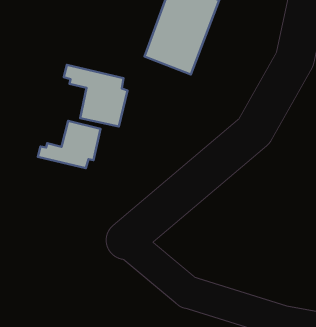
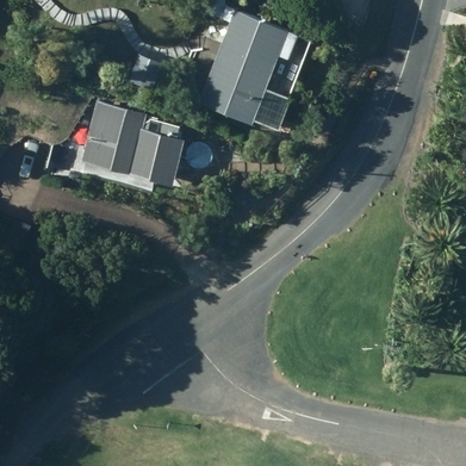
building: [38,121,101,168] -> none

